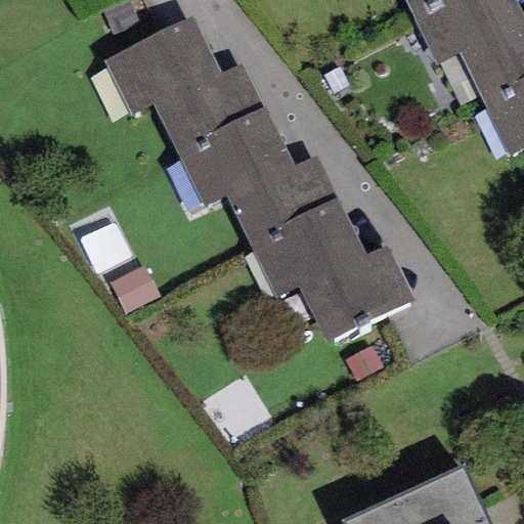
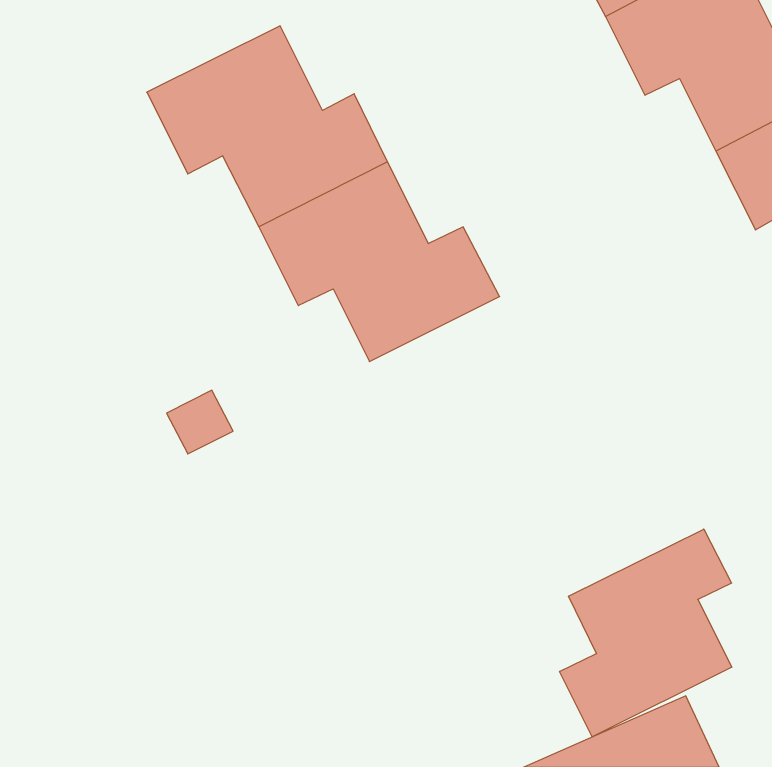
building: [251,201,414,344] -> none
building: none -> [560,529,732,737]

